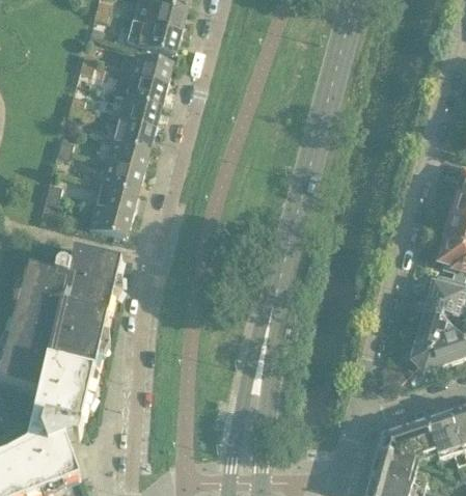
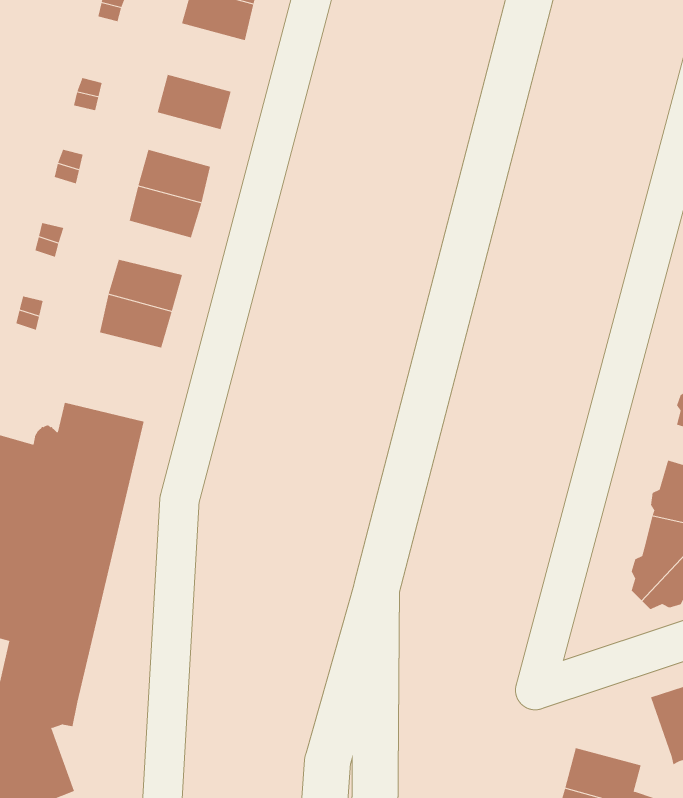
building: [128,15,183,51] -> none
building: [113,67,168,103] -> none
building: [107,135,150,167] -> none
building: [89,201,133,233] -> none
building: [379,418,436,459] -> none

